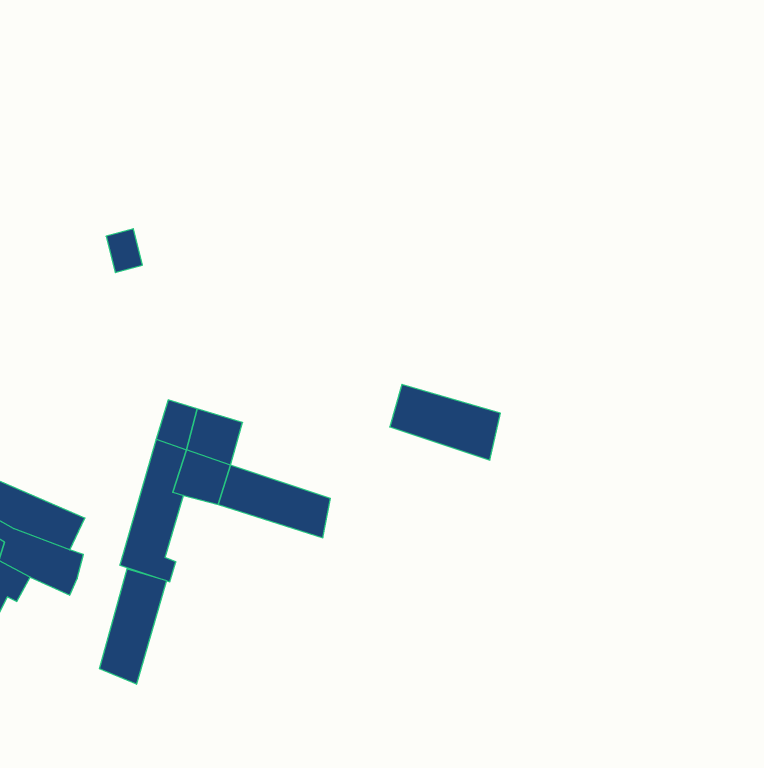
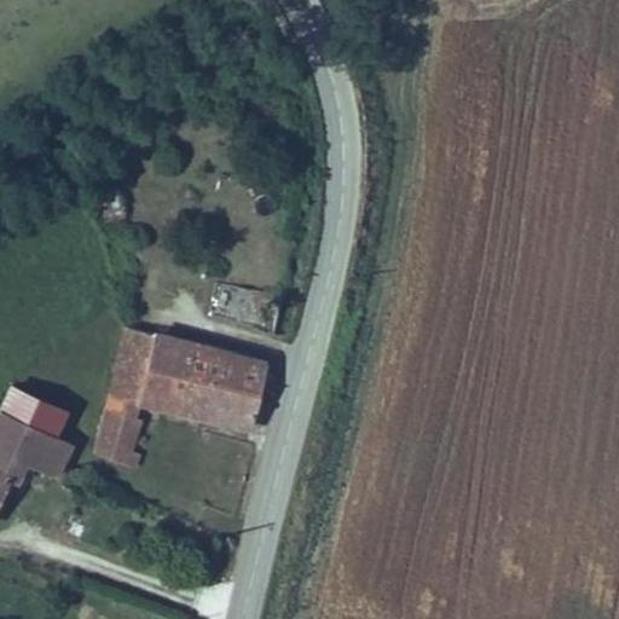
building: [390,384,500,460] -> [184,342,272,403]
building: [100,569,166,684] -> none

